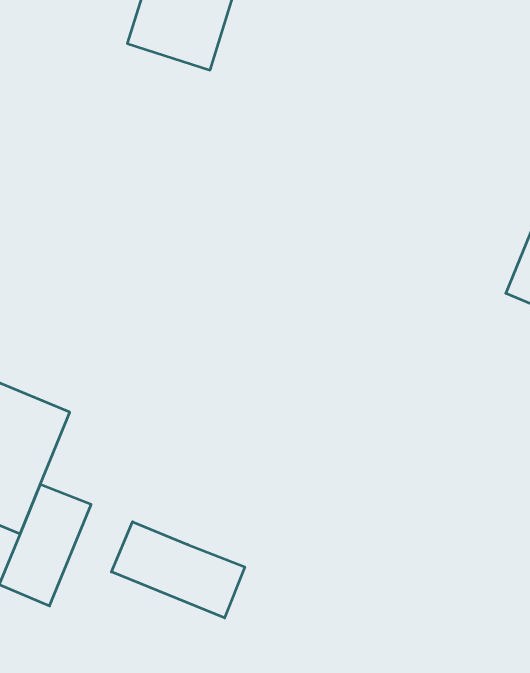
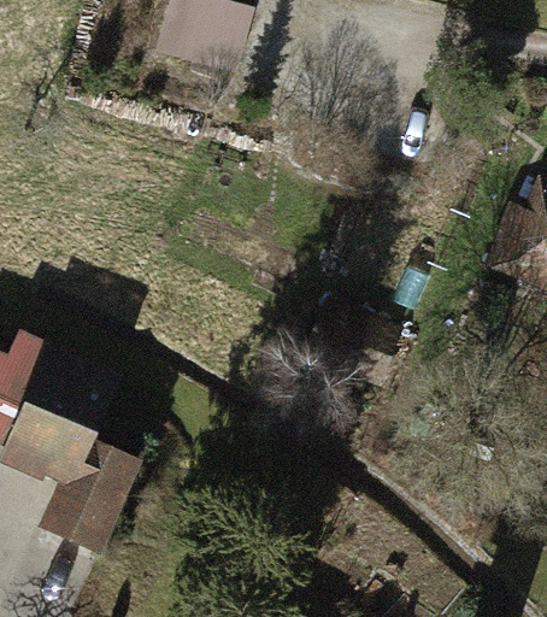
building: [111,522,245,618] -> none

